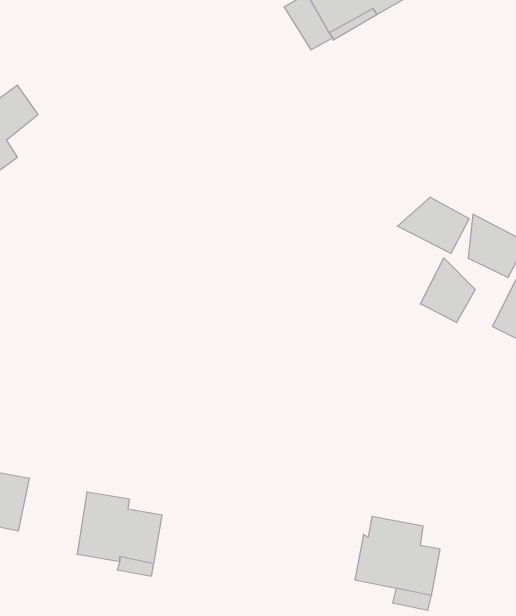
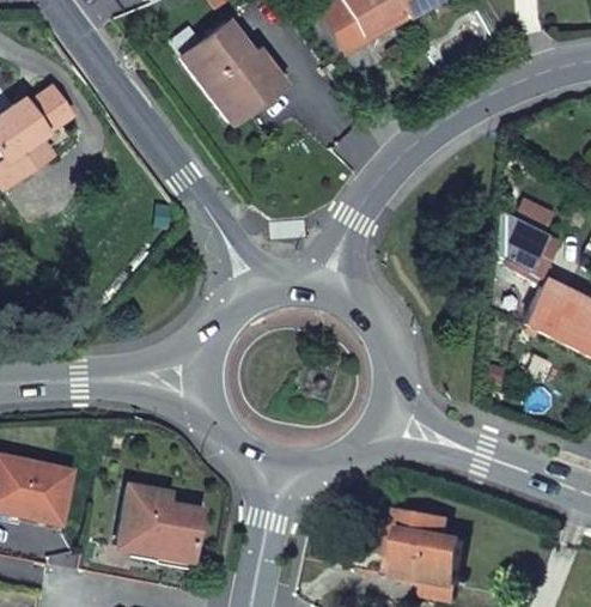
building: none -> [179,19,280,121]
building: [397,197,469,253] -> none
building: [420,258,475,323] -> none

